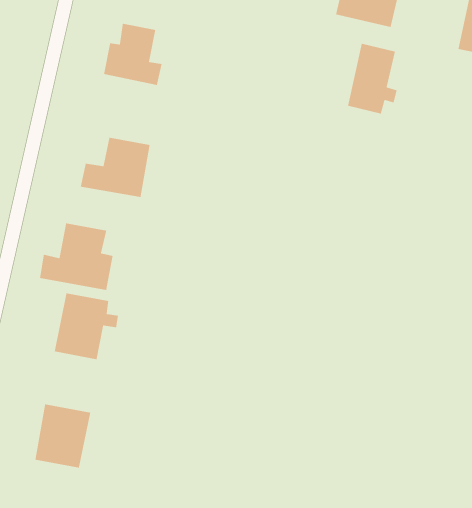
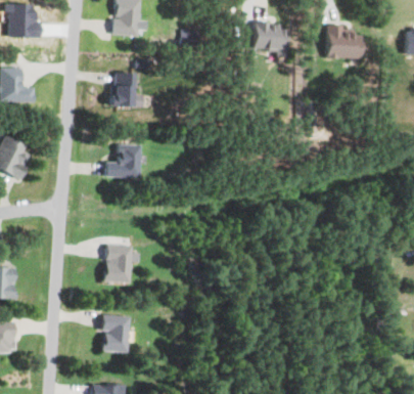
building: [347,43,398,114] -> none
building: [39,222,113,291] -> none

